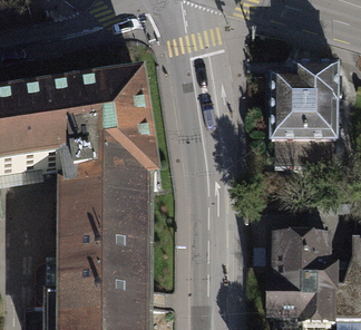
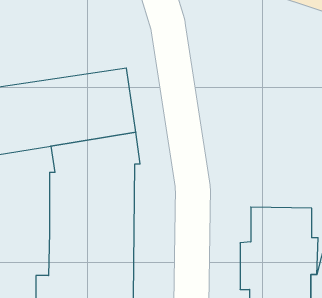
building: [265,64,338,161] -> none

